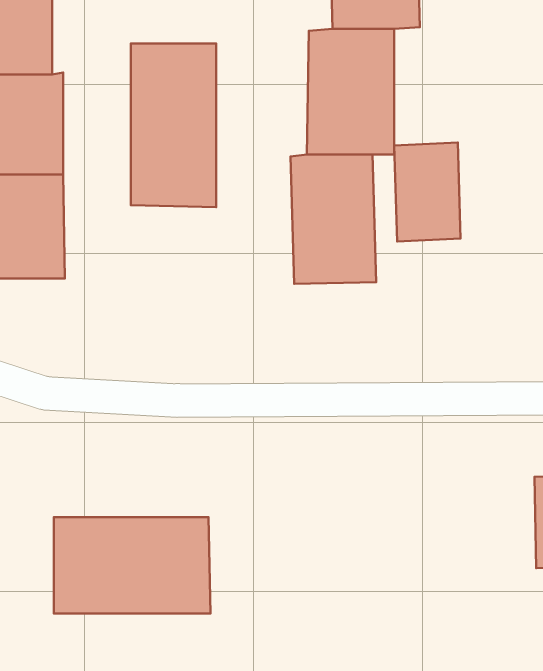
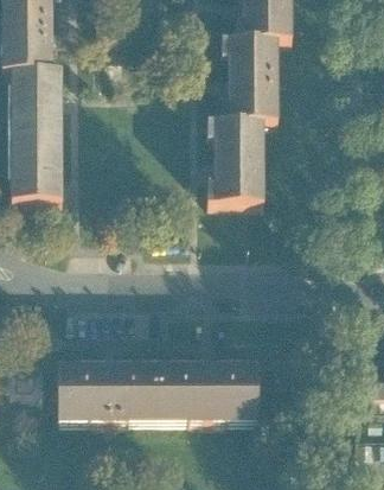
building: [131,44,216,207] -> none
building: [394,143,461,241] -> none
building: none -> [154,364,254,427]

